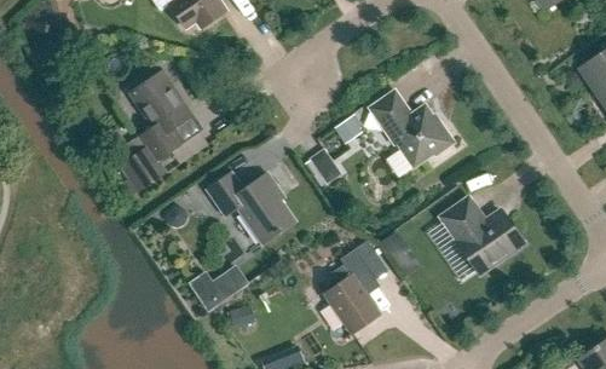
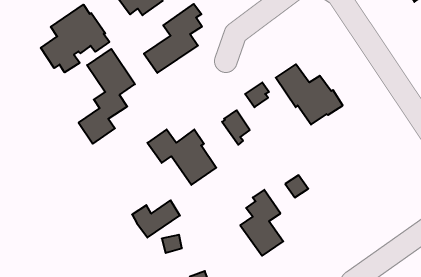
building: none -> [144,4,202,73]
building: none -> [41,5,109,72]
building: [427,196,524,278] -> none

